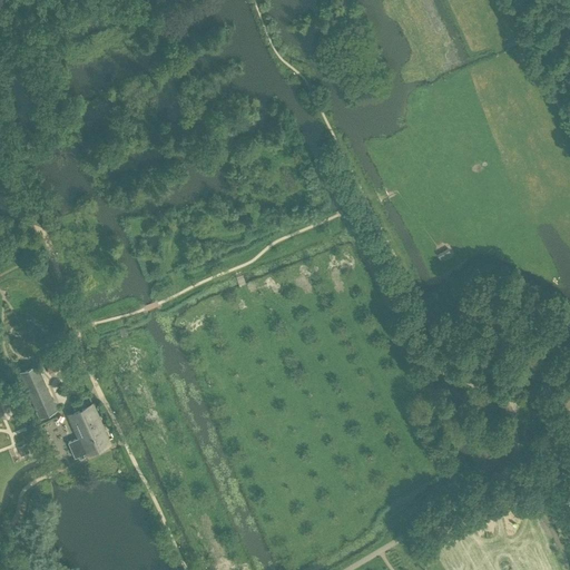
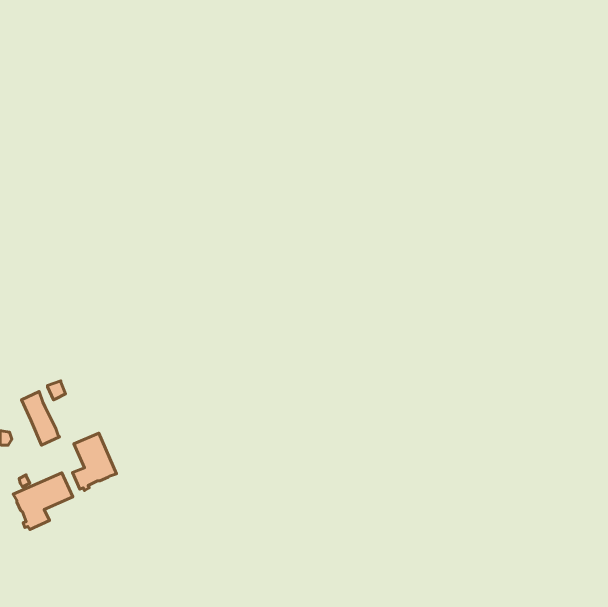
building: none -> [13,473,73,530]

